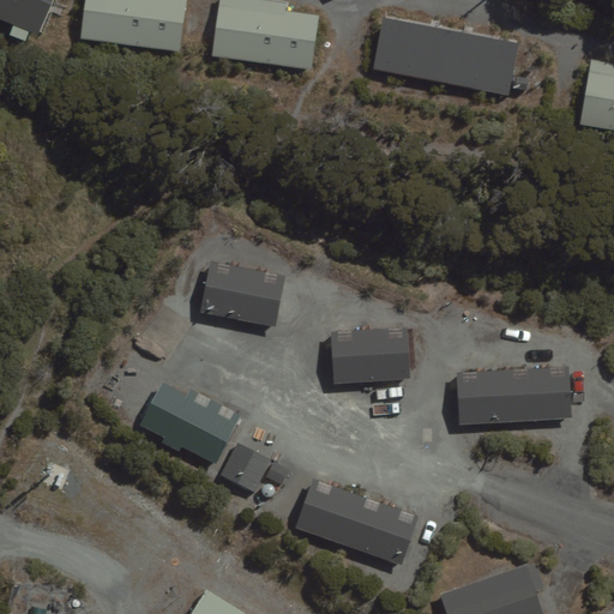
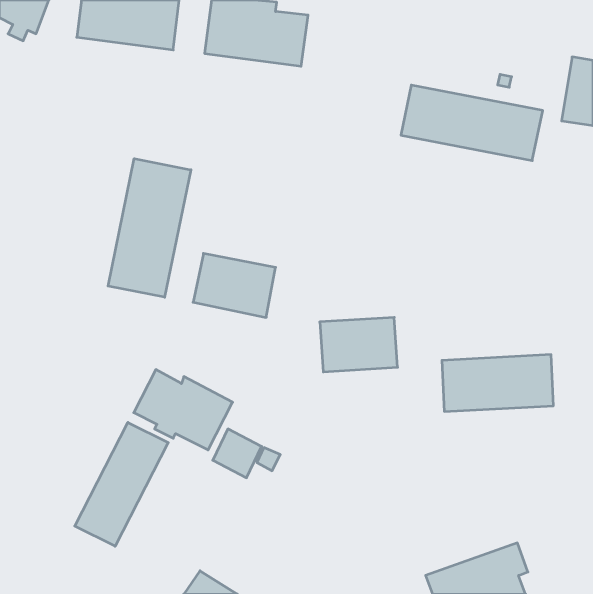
building: [372,17,518,95] -> [401,85,543,161]
building: none -> [108,159,191,297]
building: none -> [75,422,168,546]
building: [295,478,419,566] -> none

